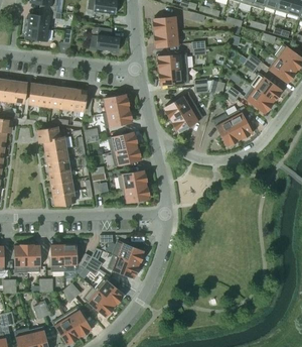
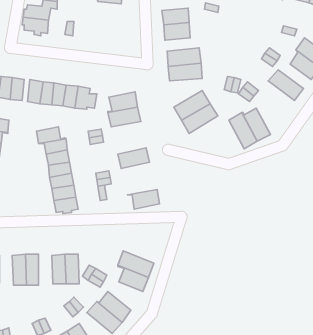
building: [90,28,119,51] -> none
building: [243,85,273,114] -> none
building: [107,132,137,152] -> none
building: [118,171,147,190] -> none

